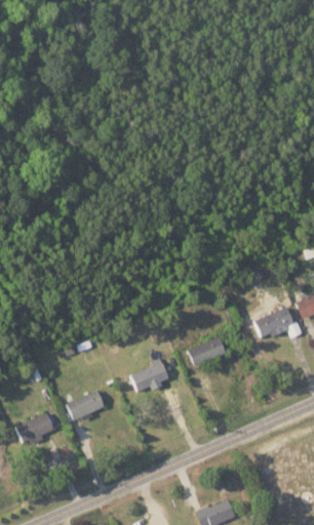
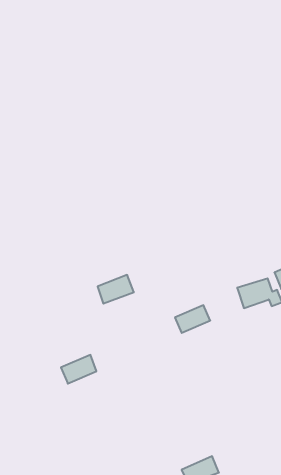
building: [131,362,170,393] -> [98,275,134,304]
building: [15,412,55,445] -> none

